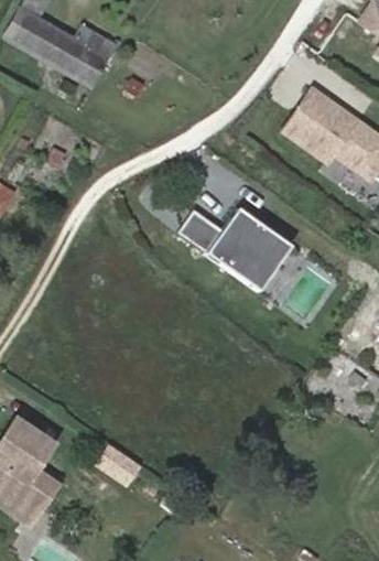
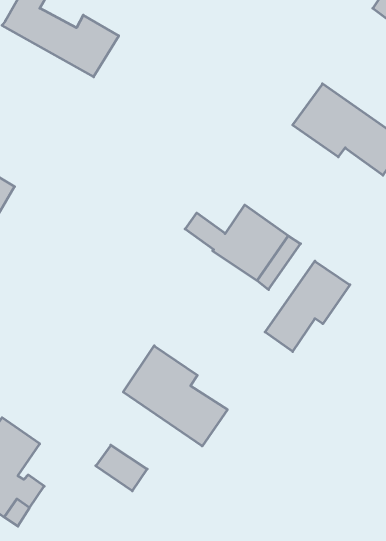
building: none -> [265,261,350,352]
building: none -> [123,346,227,446]

